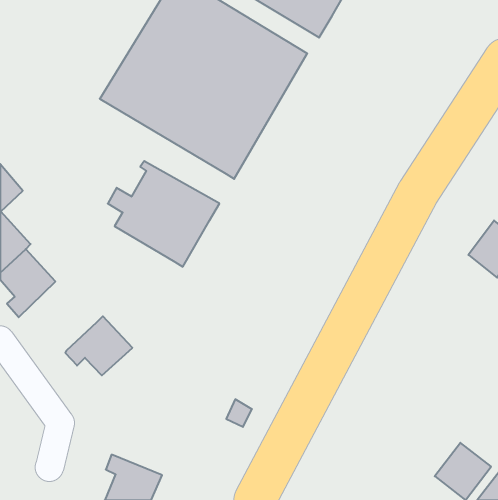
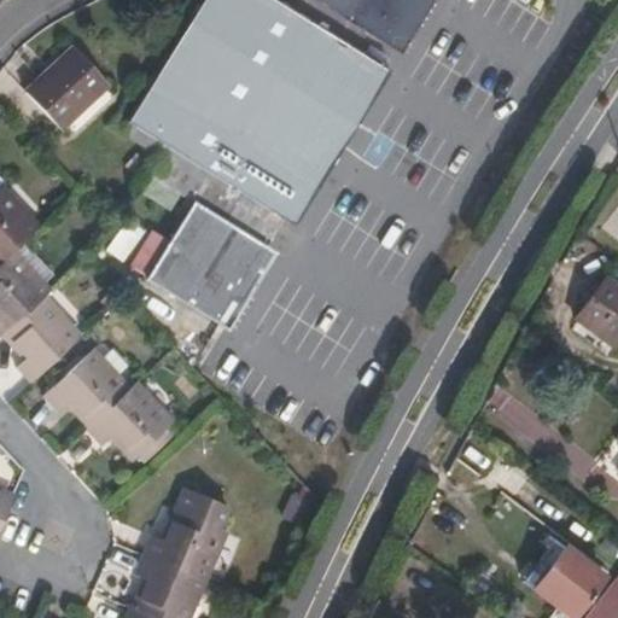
building: none -> [30,45,118,130]
building: none -> [45,355,127,428]
building: none -> [145,488,228,581]

